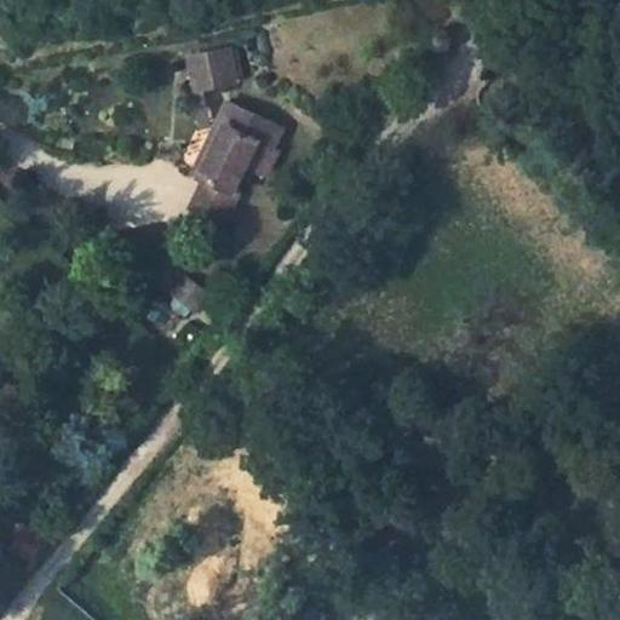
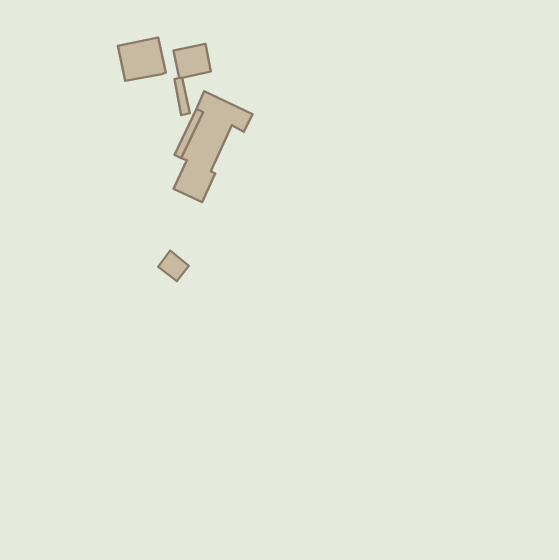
building: none -> [118,38,166,81]

